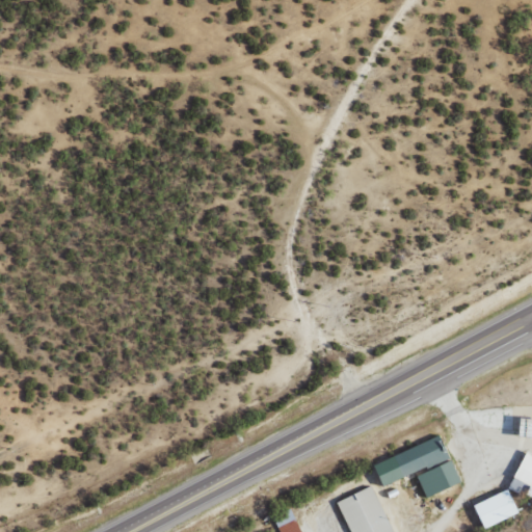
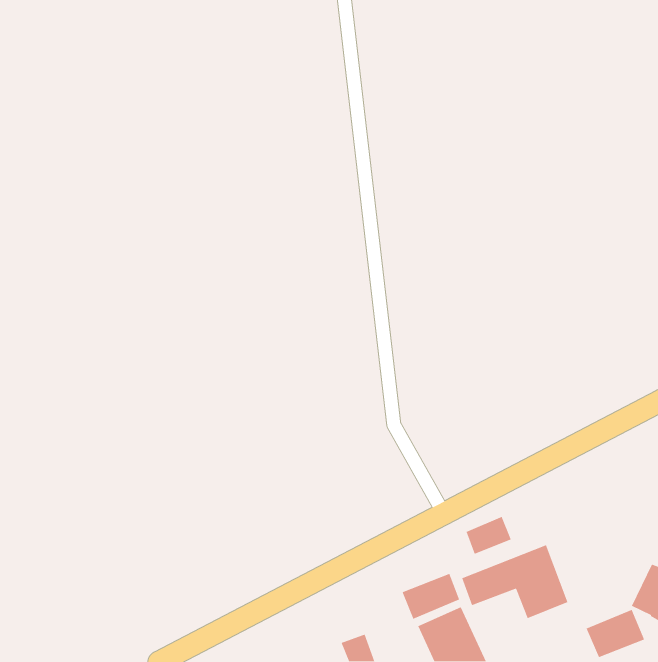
building: none -> [465,516,512,555]
building: none -> [402,573,460,620]

